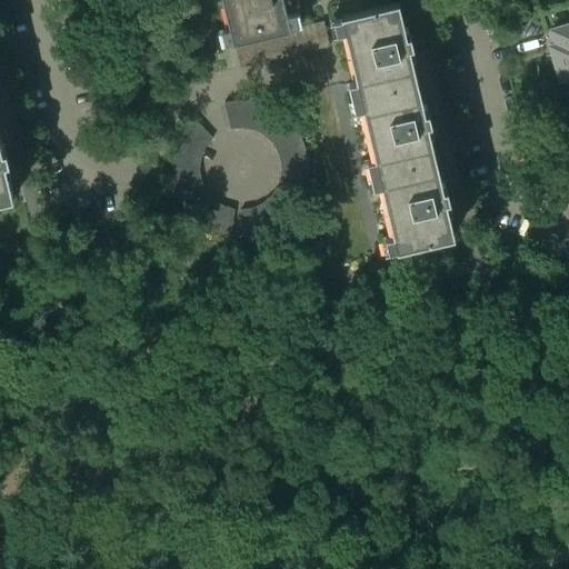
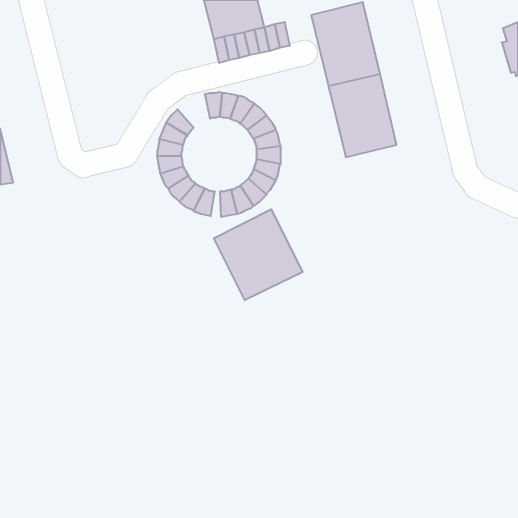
building: [379,159,453,250] -> none
building: none -> [214,209,303,300]

